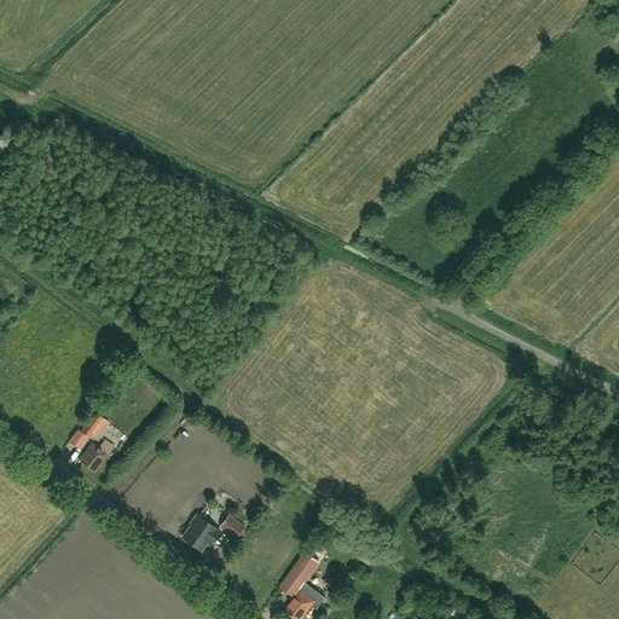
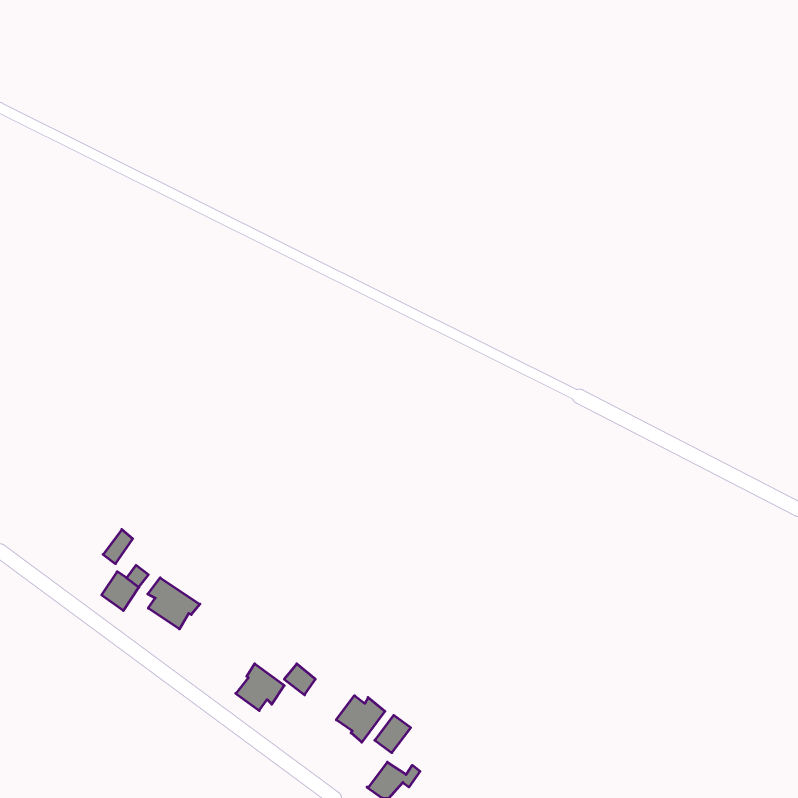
building: none -> [148,578,200,629]
building: none -> [336,696,385,742]

